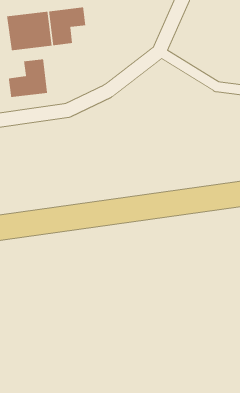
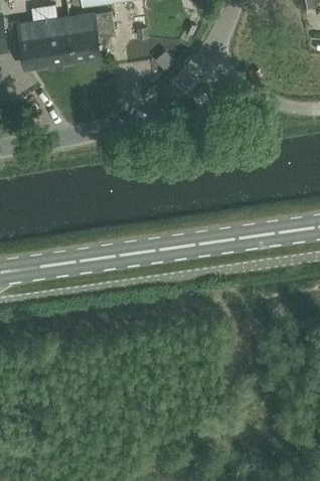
building: [8,58,49,98] -> none

